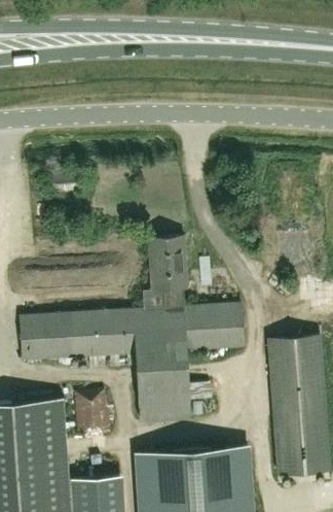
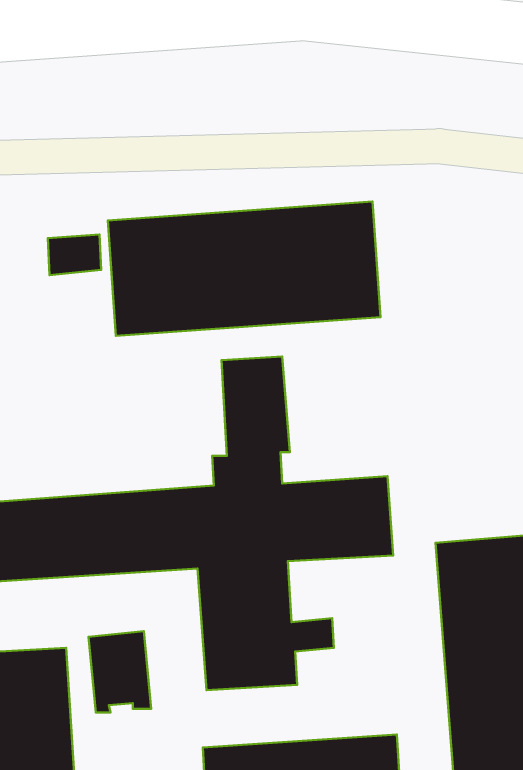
building: none -> [108,202,380,336]

